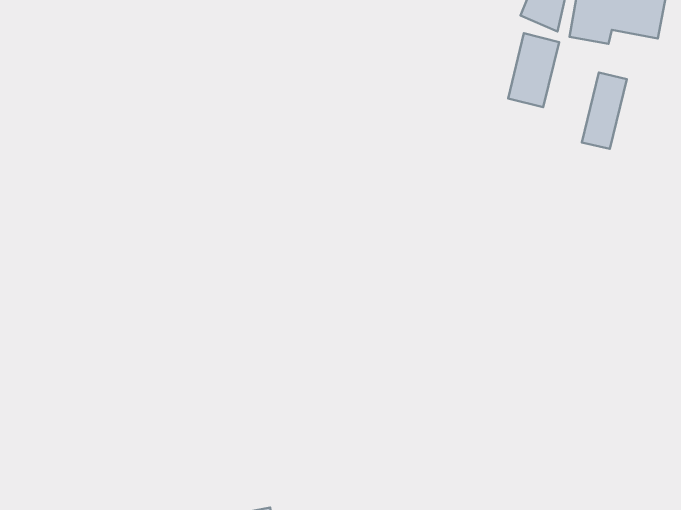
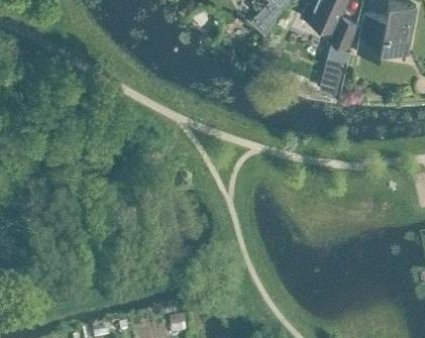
building: [582,73,627,149] -> none

